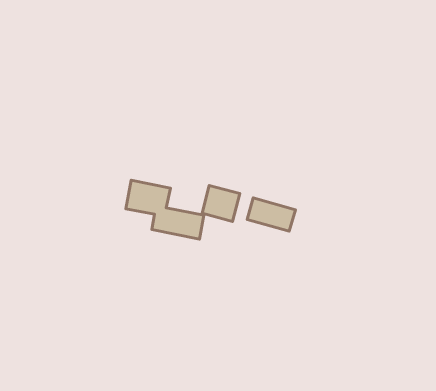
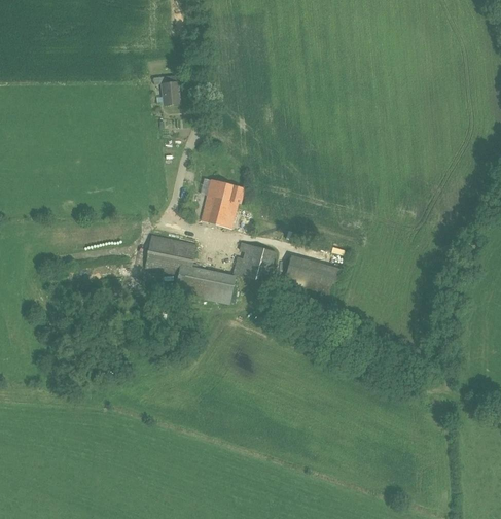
building: none -> [154,75,181,105]
building: none -> [202,178,245,228]

